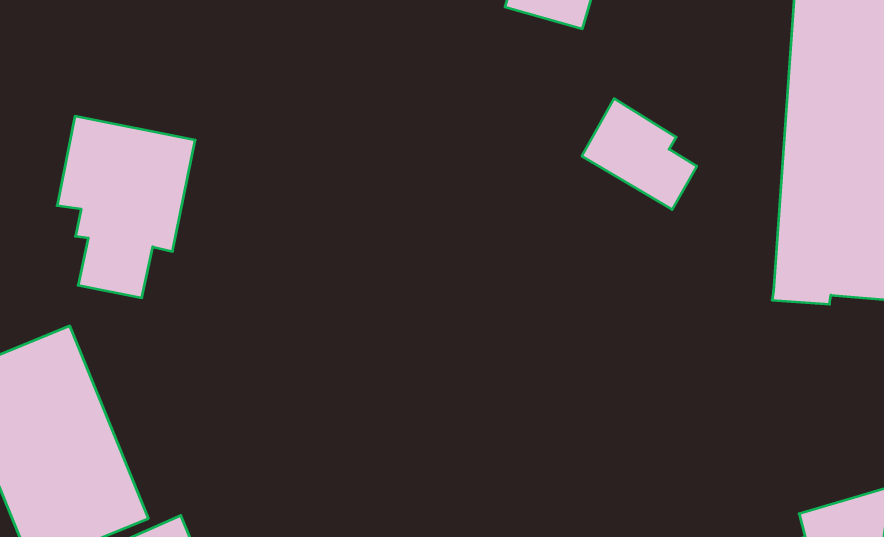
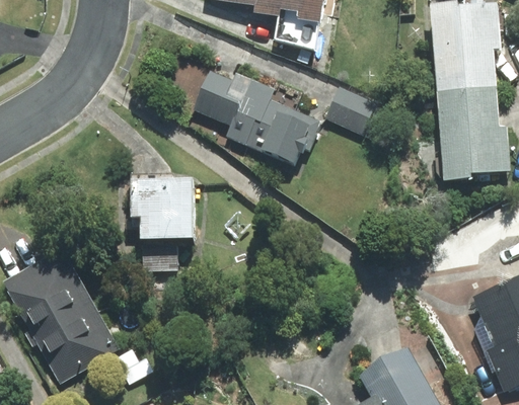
building: none -> [193,68,317,167]
building: [57,116,195,298] -> [126,175,196,268]

